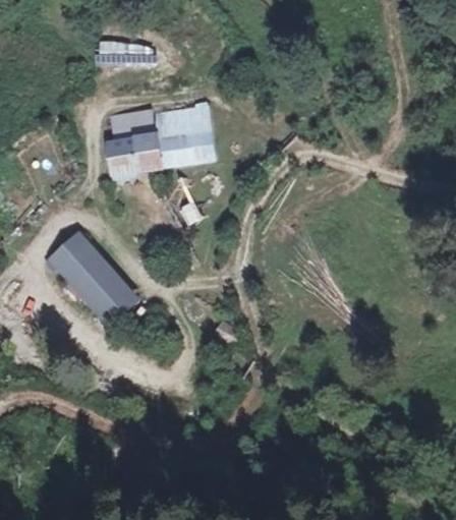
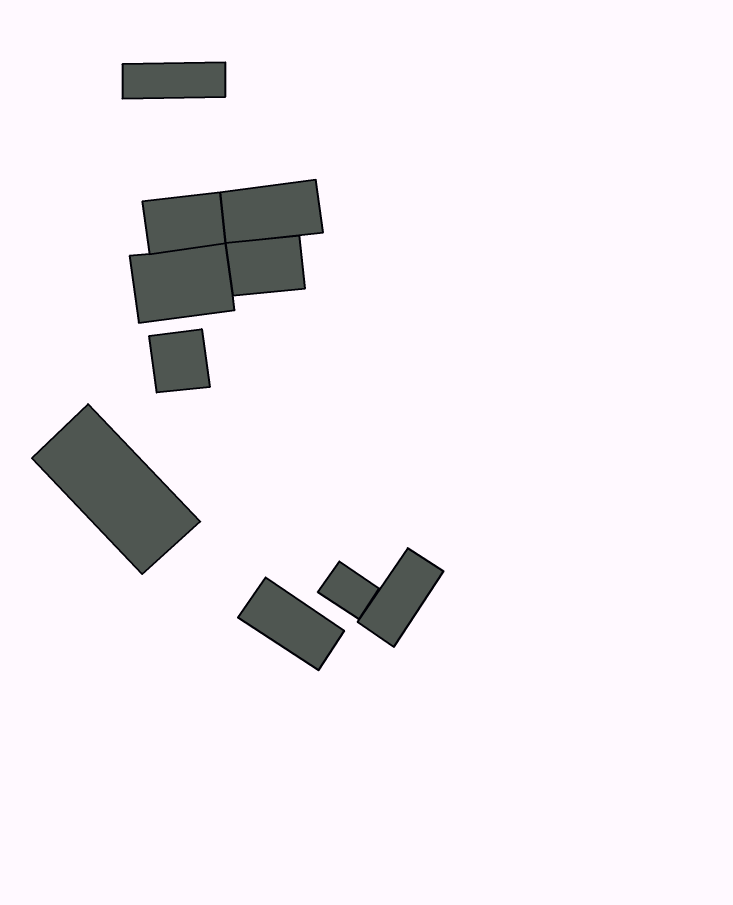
building: none -> [149,329,210,393]
building: none -> [358,548,443,647]
building: none -> [238,577,344,670]

